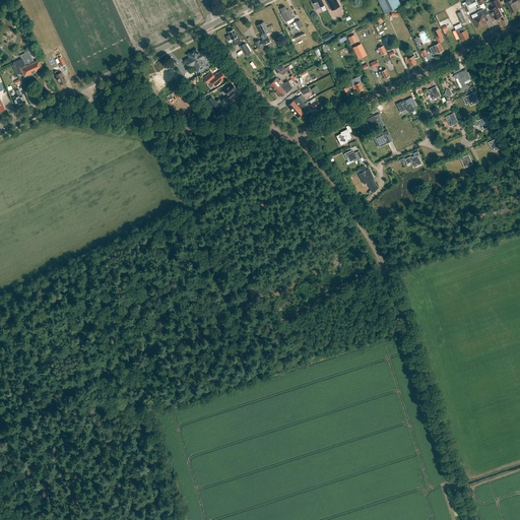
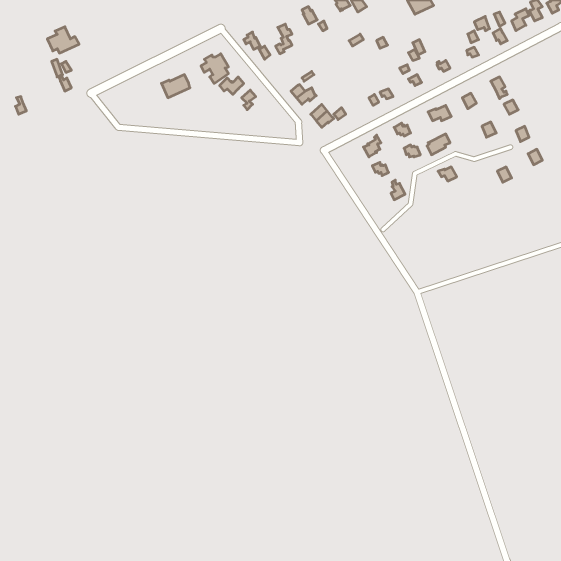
building: [13,52,43,76] -> [47,27,79,53]

